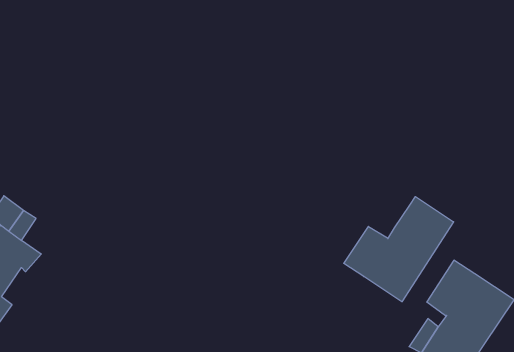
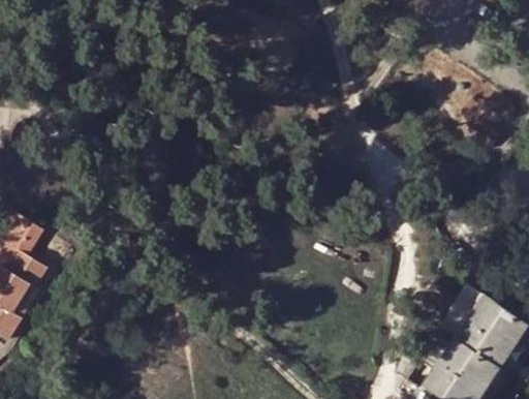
building: [344,197,454,302] -> none

